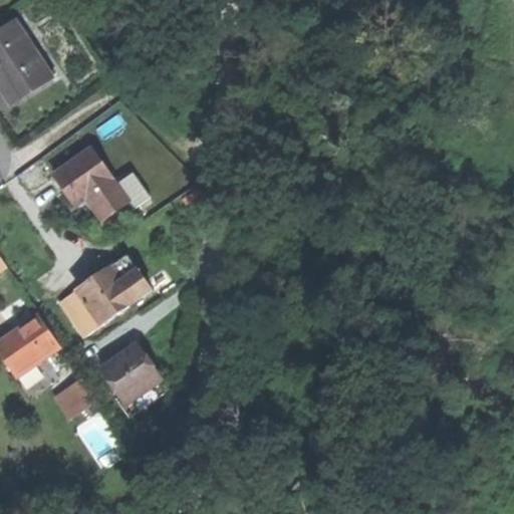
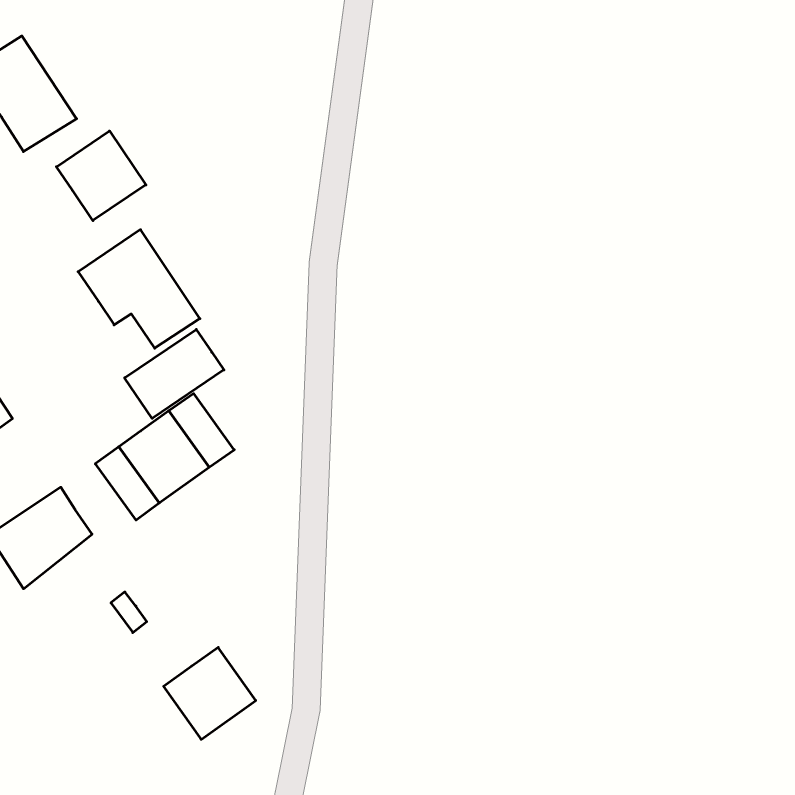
building: none -> [56,131,146,221]
building: none -> [125,329,224,418]
building: [98,341,158,401] -> [164,647,256,739]

